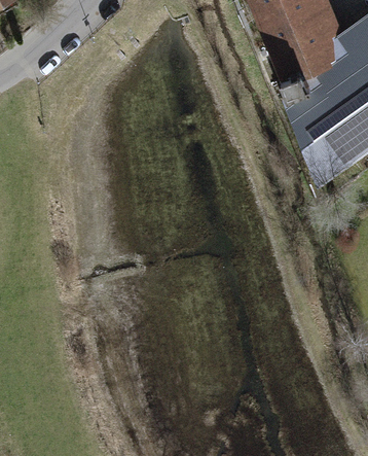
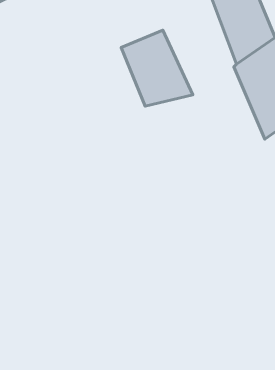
building: none -> [121,30,193,106]

